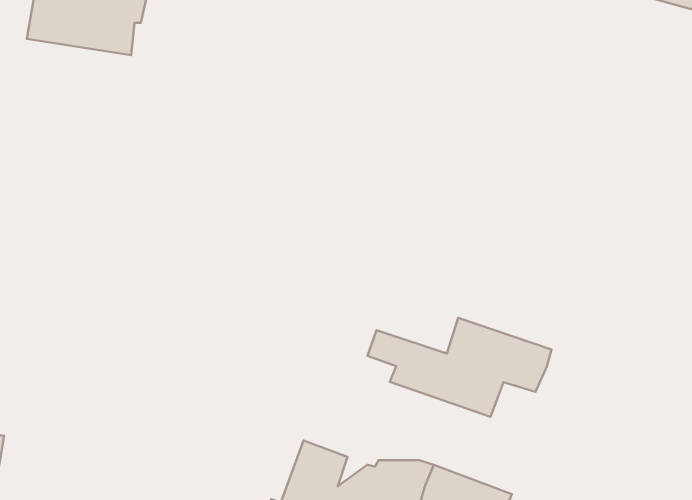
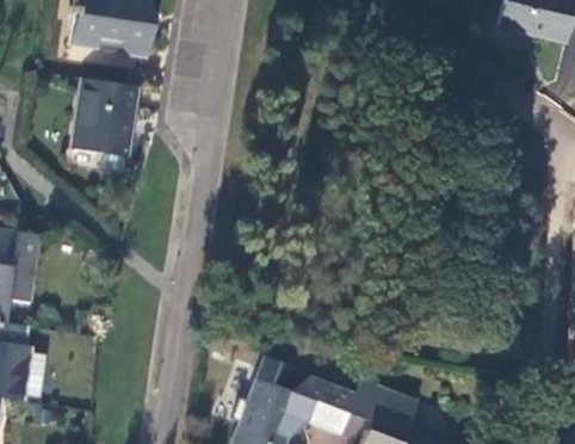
building: none -> [74,78,136,155]
building: [368,318,552,417] -> none

